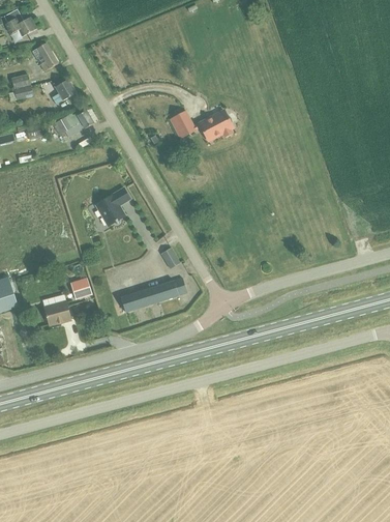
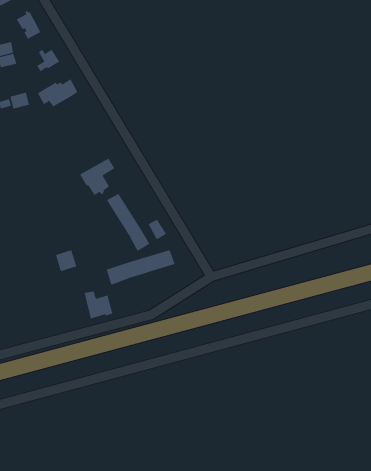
building: [170,109,233,141] -> none
building: none -> [106,193,150,252]
building: [42,297,71,325] -> [84,291,113,319]

